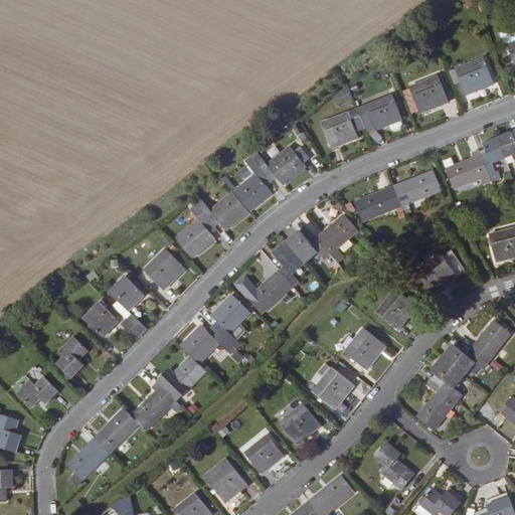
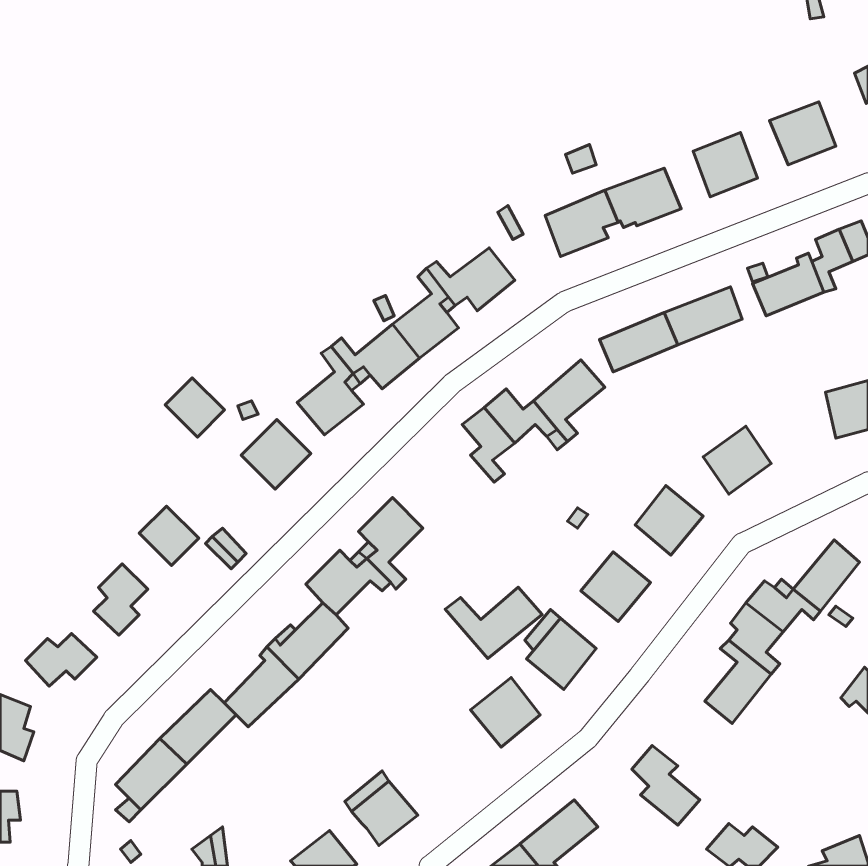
building: [235,270,293,312] -> [445,587,542,659]
building: [108,275,143,310] -> [165,378,225,437]
building: [244,433,284,472] -> none

